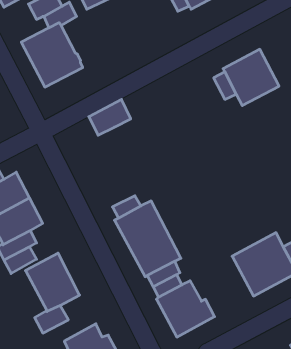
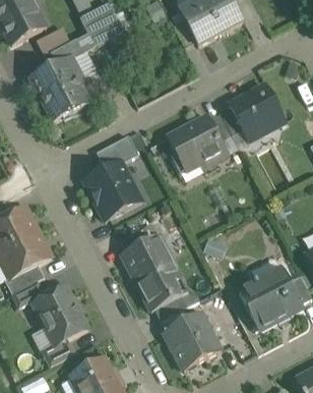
building: none -> [167,114,228,172]
building: none -> [84,161,141,219]

